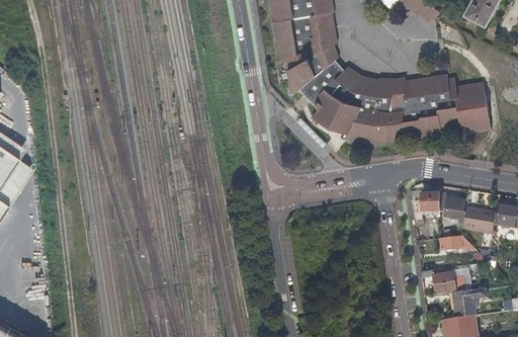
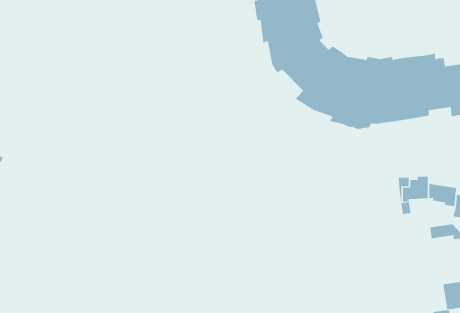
building: [421,269,456,293] -> none

